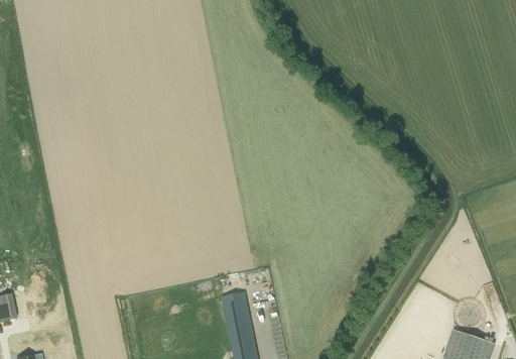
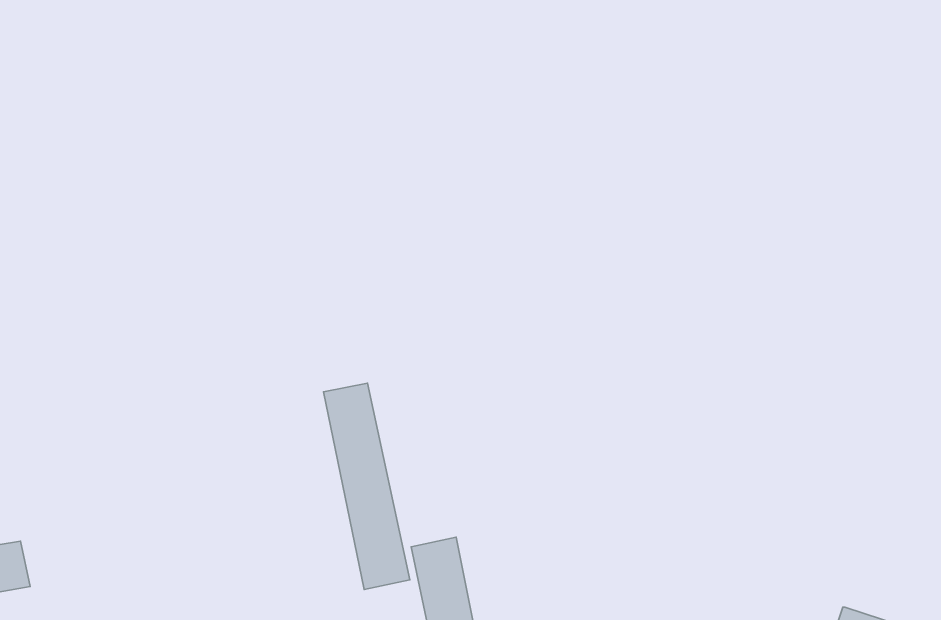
building: none -> [324,383,410,589]

